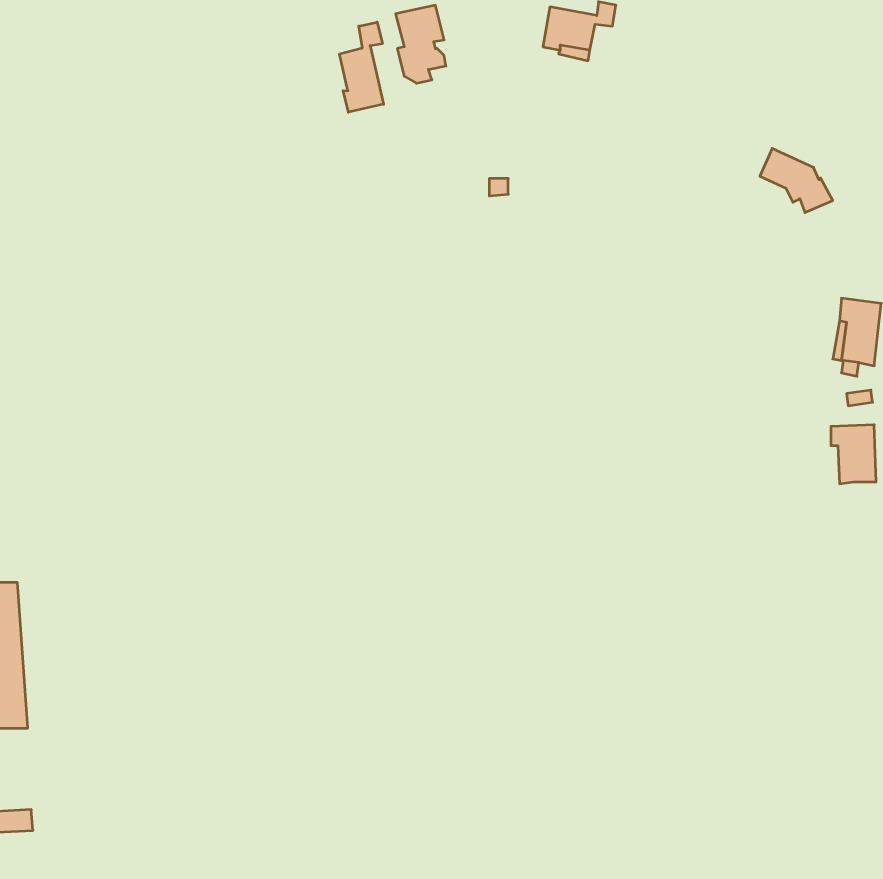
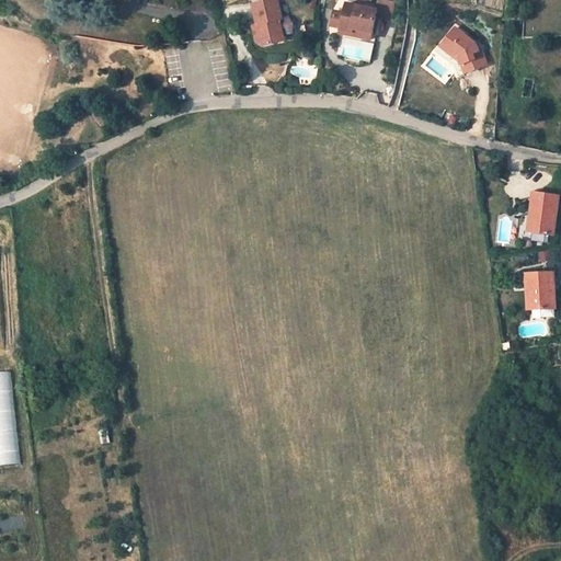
building: [340,22,384,112] -> none
building: [760,148,833,213] -> [439,37,485,78]

